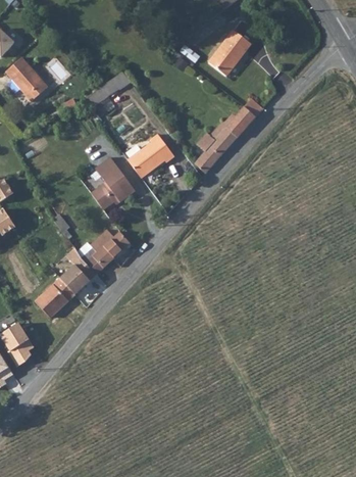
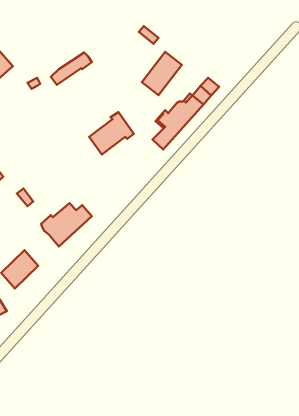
building: [209,30,251,75] -> [142,52,182,95]
building: [91,156,136,209] -> none
building: [60,253,96,294] -> none

